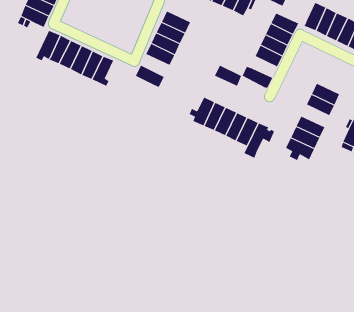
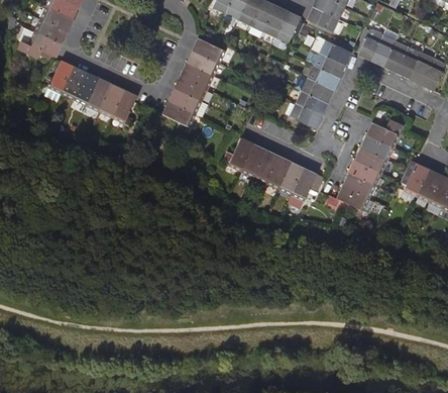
building: none -> [167,88,208,116]
building: [214,65,242,86] -> [295,90,327,115]
building: none -> [354,146,387,173]

